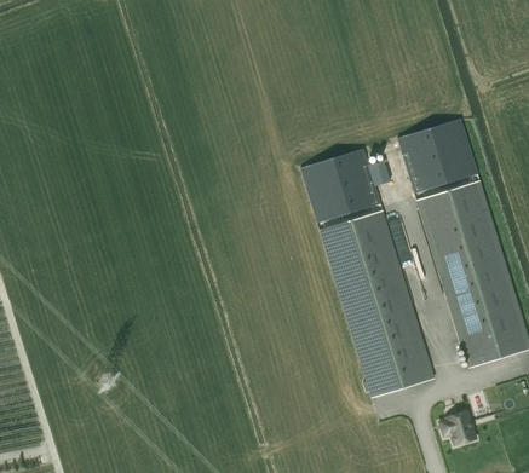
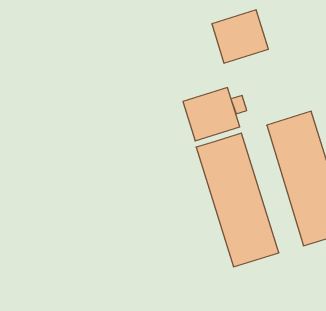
building: [398,119,477,192] -> [212,10,268,63]
building: [439,410,476,444] -> none

